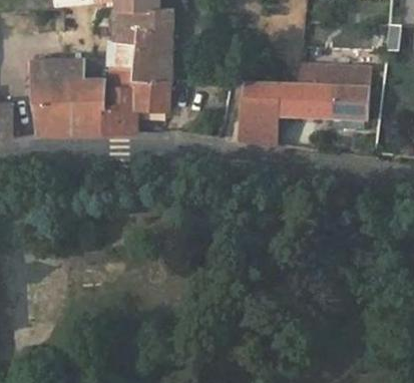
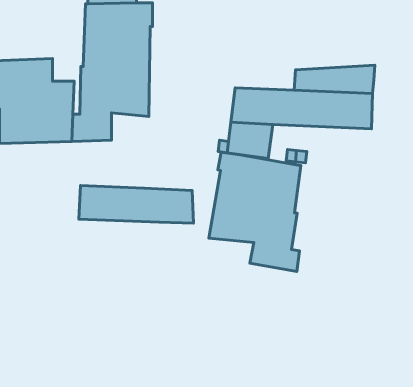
building: none -> [209,152,301,271]
building: none -> [79,185,193,223]

